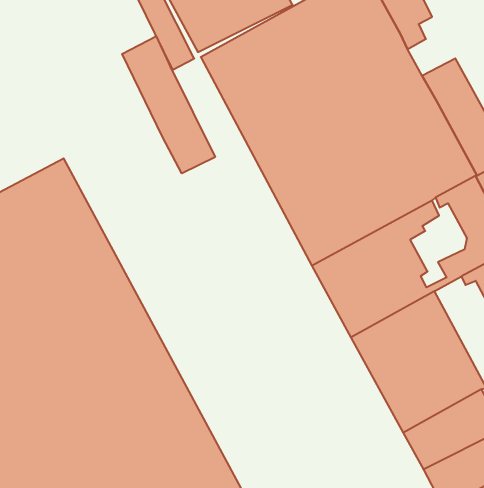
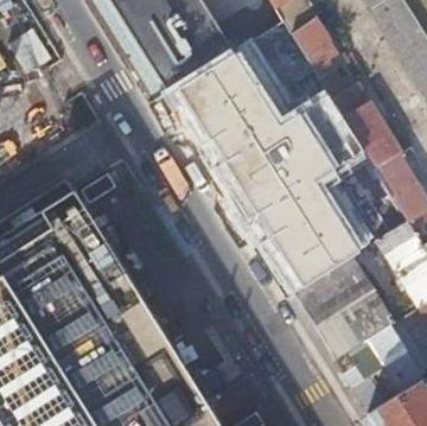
building: [122,36,215,173] -> none

